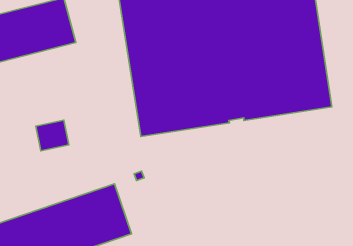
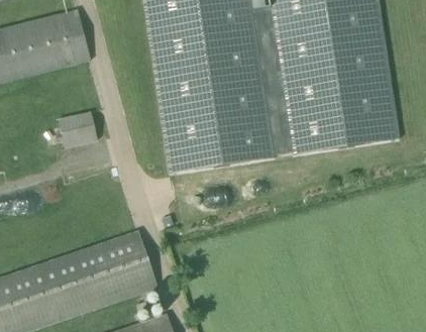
building: [36,120,69,151] -> [58,112,97,148]

